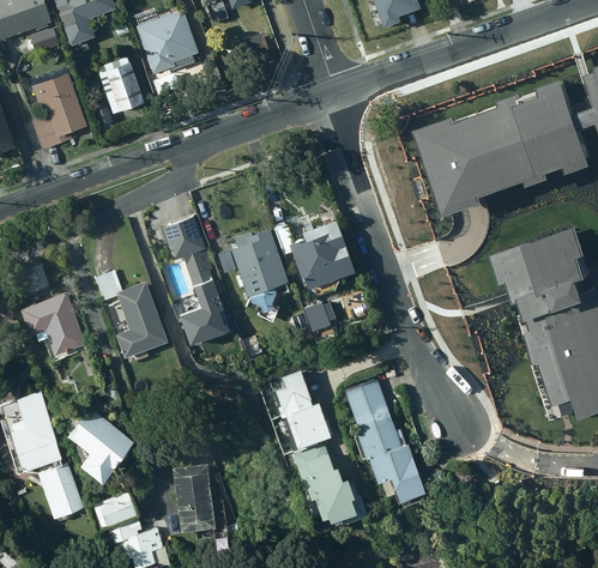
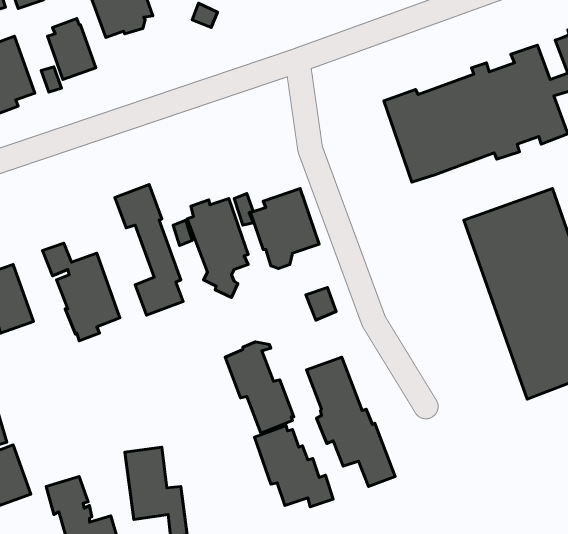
building: [301,301,330,332] -> [306,287,336,320]
building: [65,406,133,481] -> none

